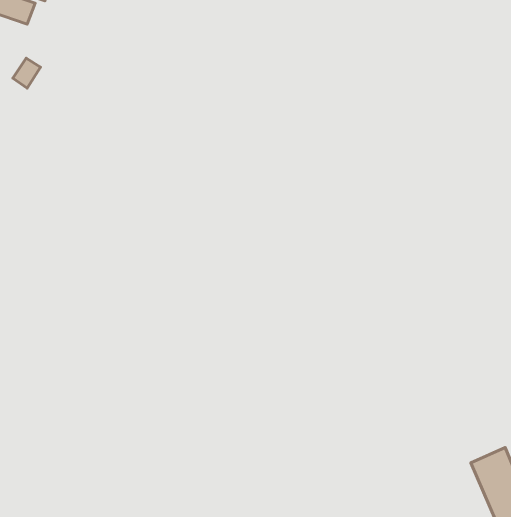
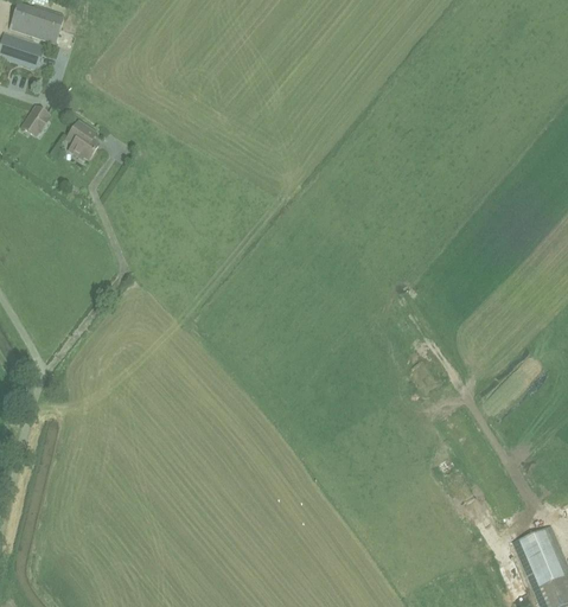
building: none -> [66,120,98,158]

